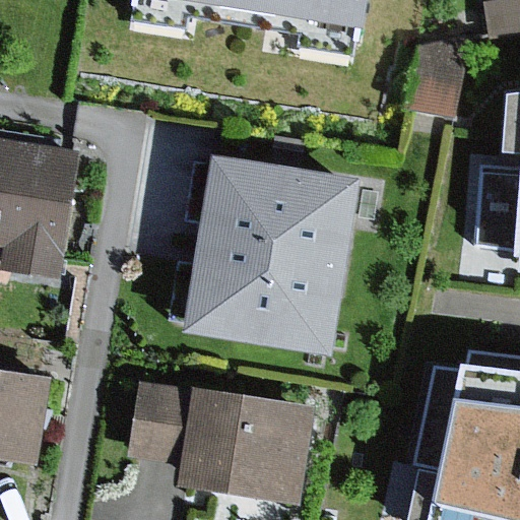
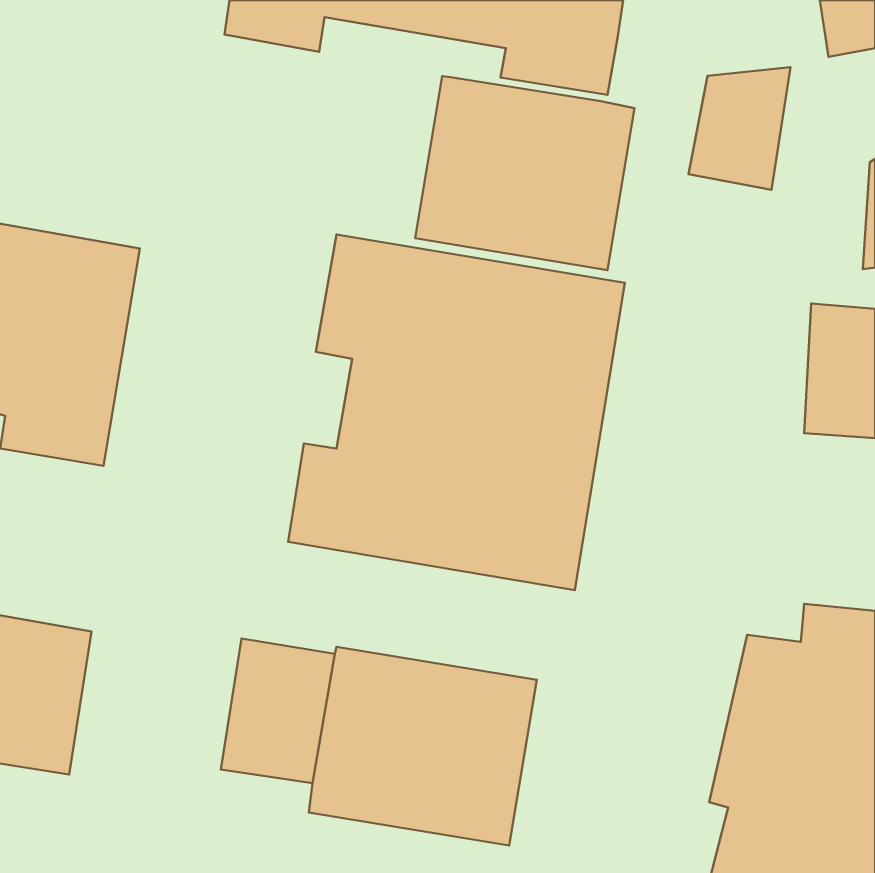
building: none -> [415,76,635,270]

